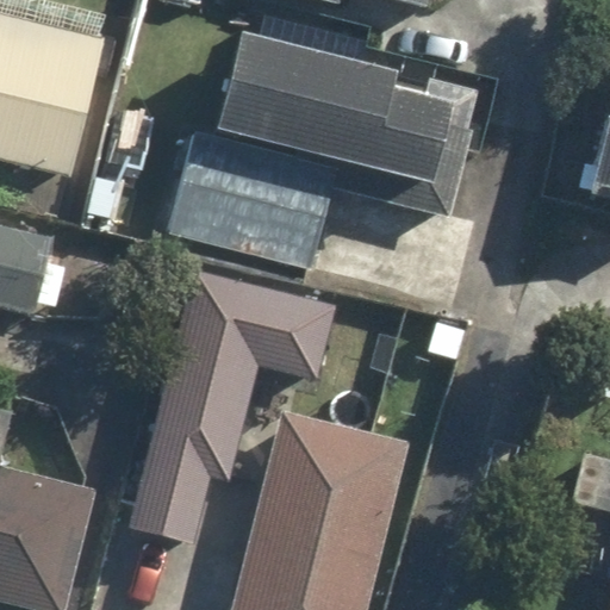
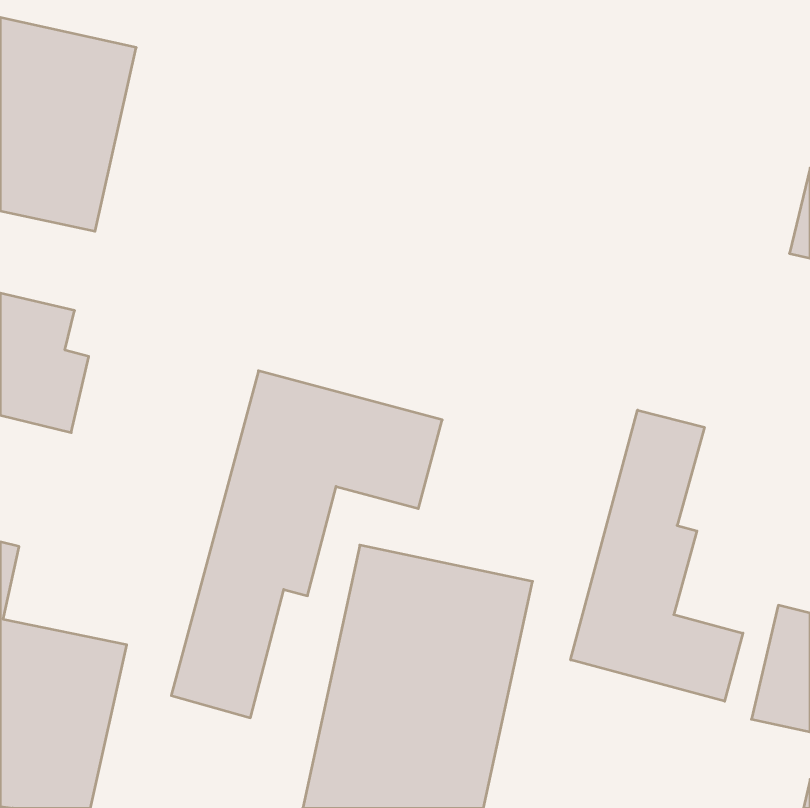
building: [214,32,454,192] -> none
building: [174,141,332,267] -> none
building: none -> [571,410,743,701]

